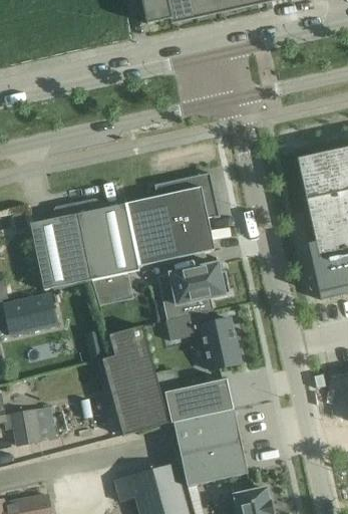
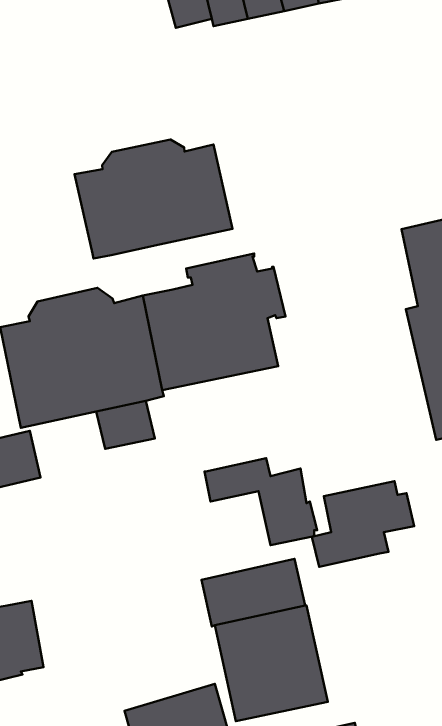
building: none -> [74,139,233,258]
building: [162,262,231,319] -> [312,481,414,567]
building: [103,325,169,434] -> none

